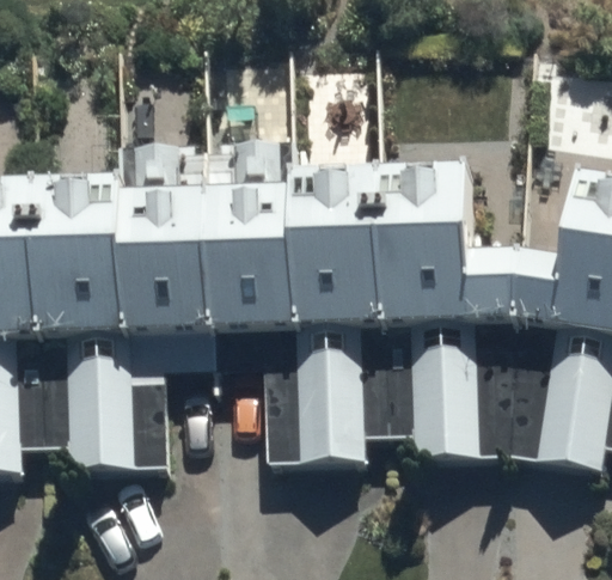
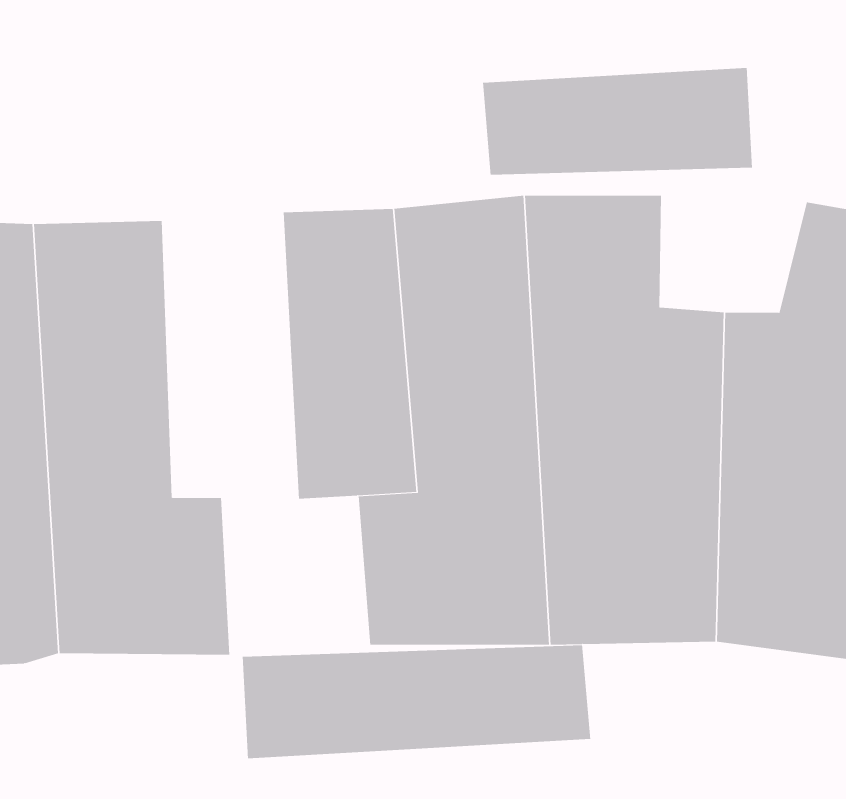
building: none -> [483,67,752,176]
building: [123,158,219,360] -> none
building: none -> [242,644,591,759]

